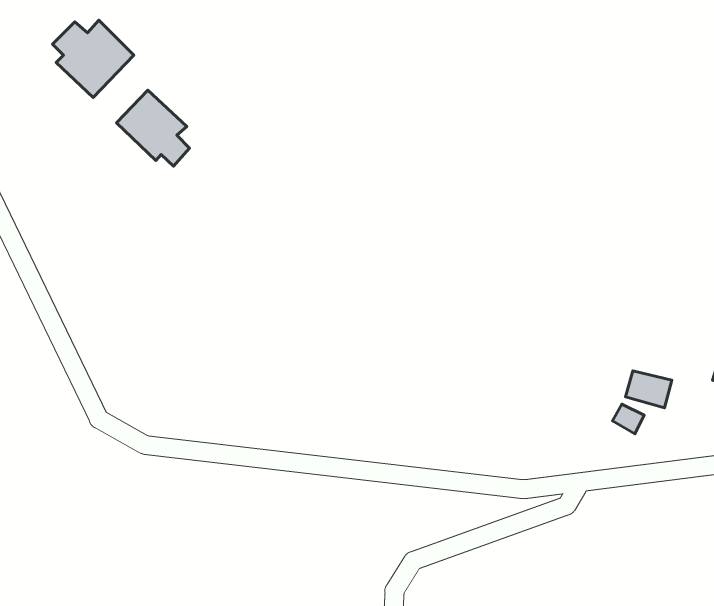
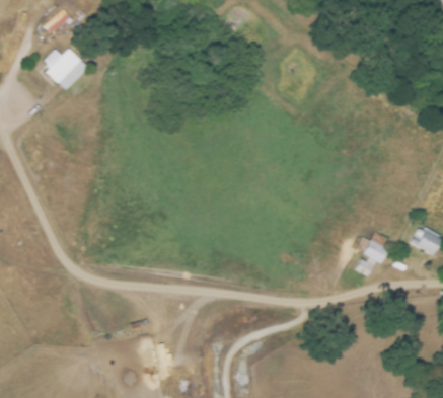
building: [116,90,190,166] -> none

